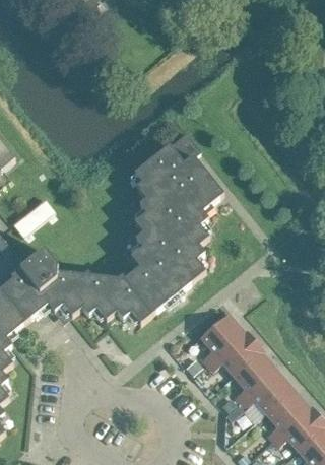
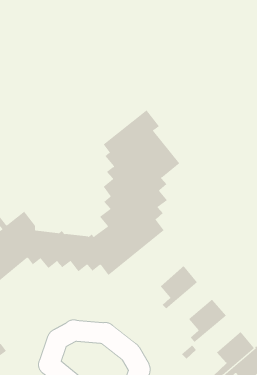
building: [206,328,262,373] -> none
building: [239,369,292,411] -> none

